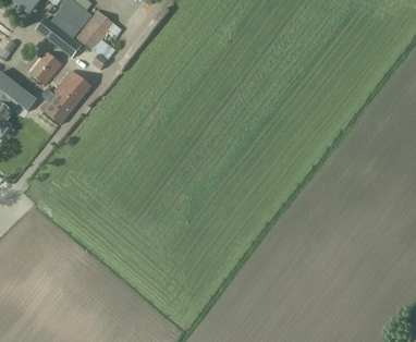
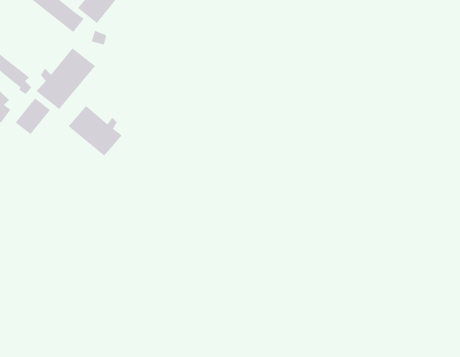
building: [28,52,60,85] -> [15,98,51,135]
building: none -> [68,105,123,157]

